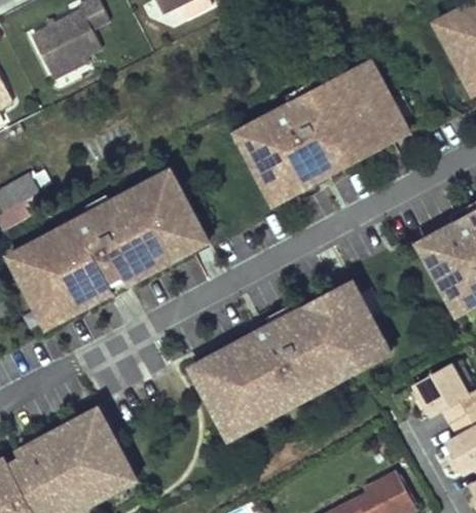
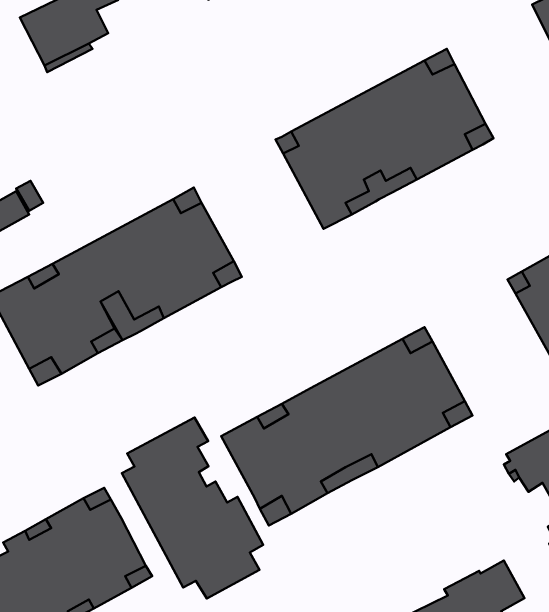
building: none -> [122,417,263,599]

